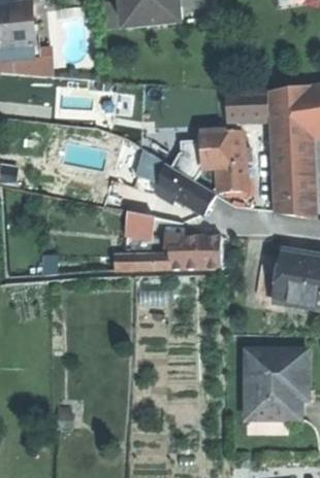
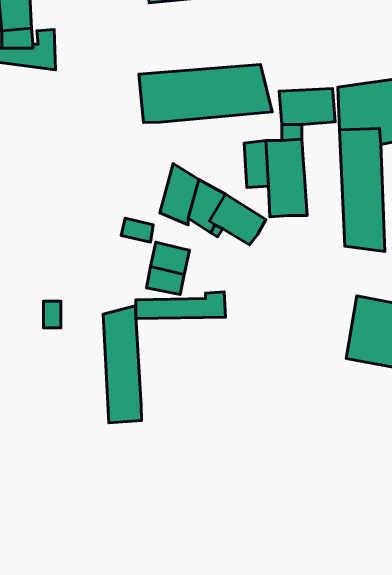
building: none -> [139,64,272,123]
building: [182,235,220,267] -> none
building: none -> [103,306,141,423]
building: [246,347,307,415] -> none

